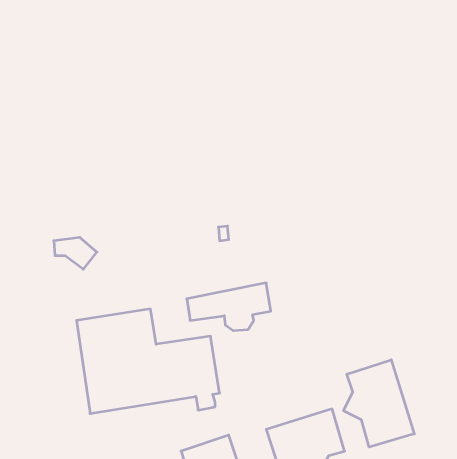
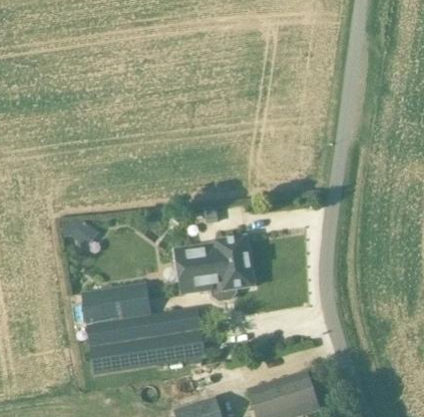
building: none -> [174,236,249,274]
building: [344,360,414,447] -> none

